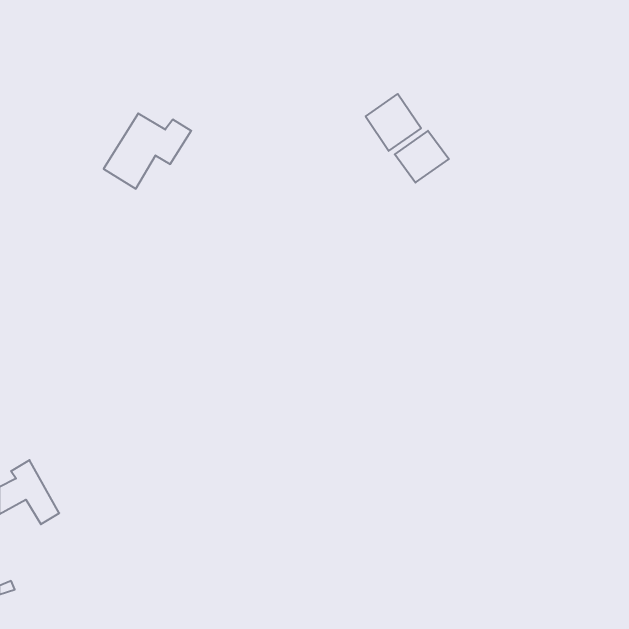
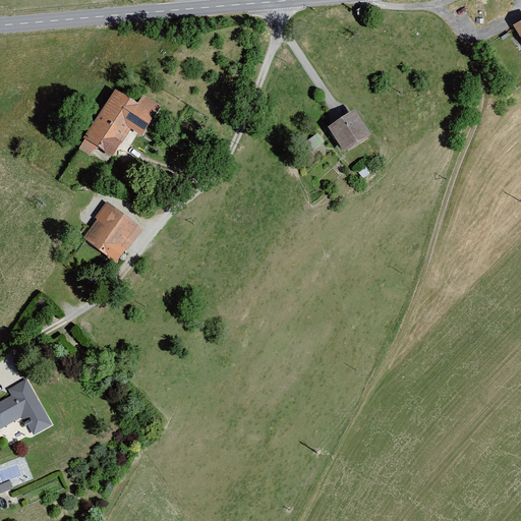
building: [366,94,421,151] -> none
building: none -> [85,205,138,257]

